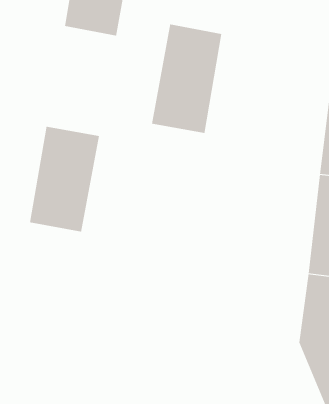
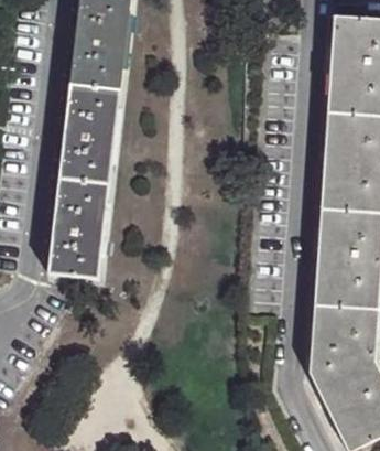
building: [151,24,222,134] -> [57,83,120,185]

